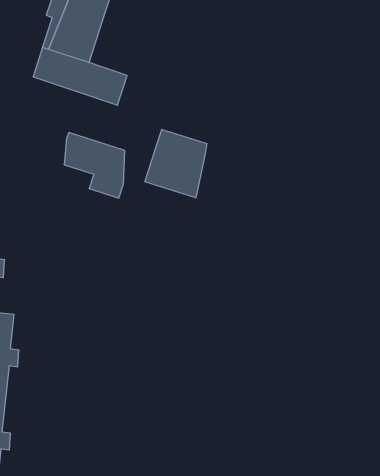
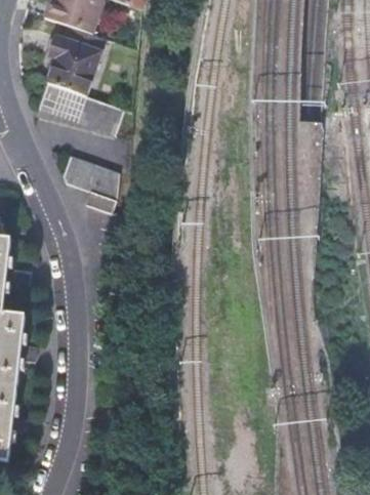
building: [145,129,207,198] -> none

